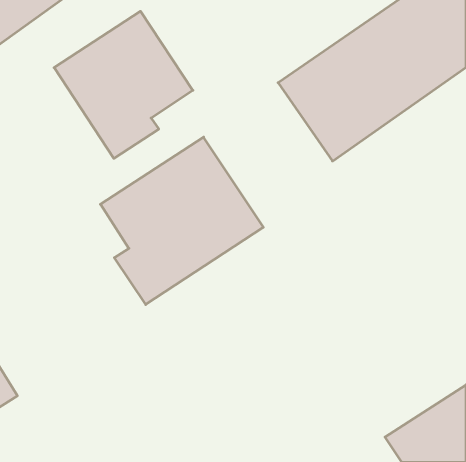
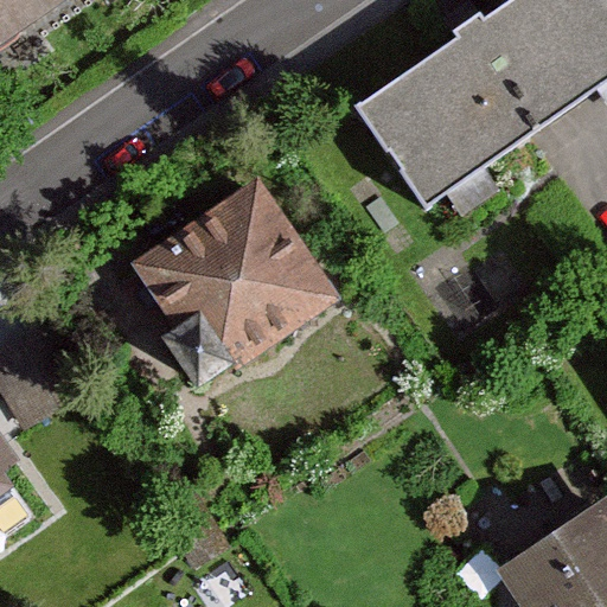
building: [54,11,193,158] -> none

